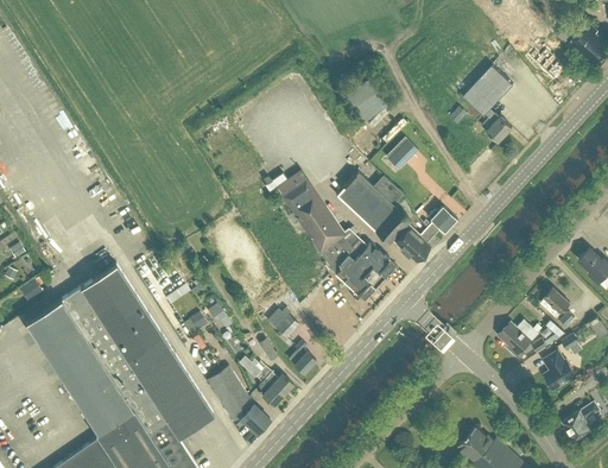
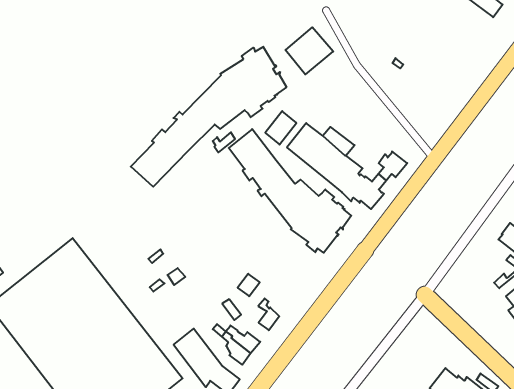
building: [462,64,513,143] -> none
building: none -> [131,47,286,187]
building: [385,137,417,170] -> [265,111,296,145]
building: [498,320,538,358] -> none

